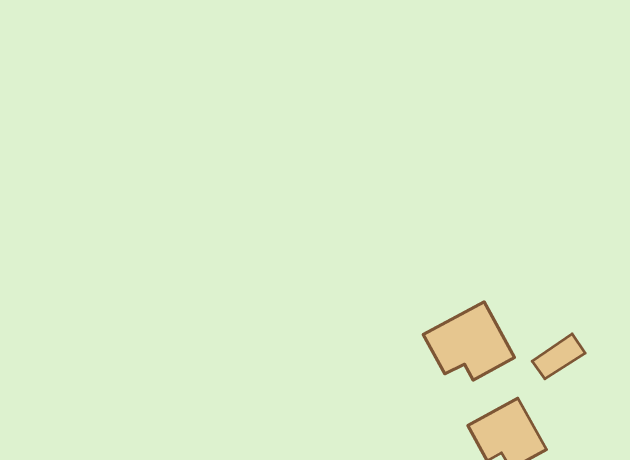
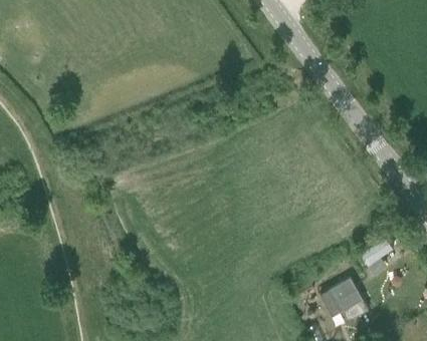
building: [423,302,515,380] -> none

